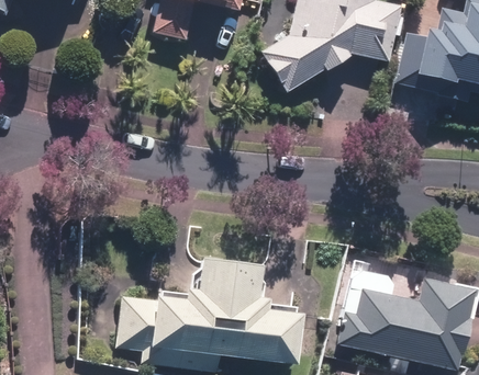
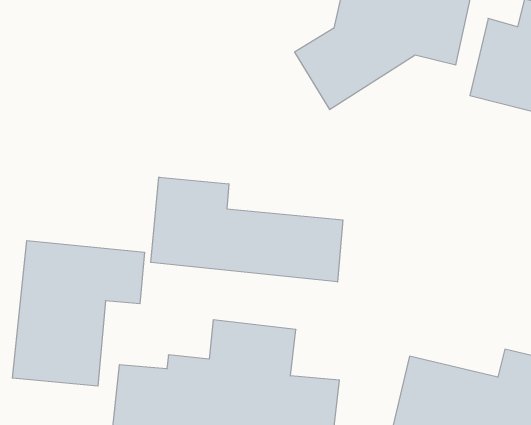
building: none -> [151,177,343,282]
building: none -> [12,241,144,386]

